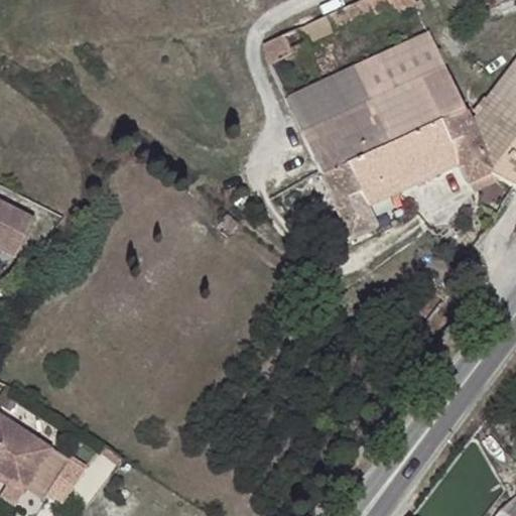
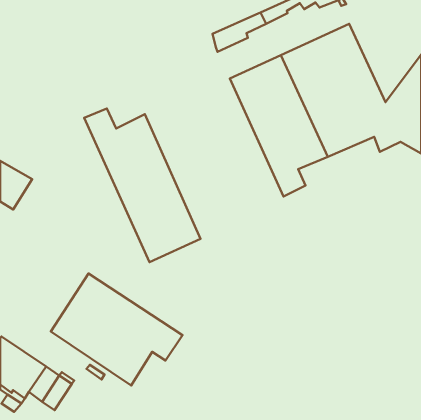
building: none -> [84,108,200,262]
building: none -> [51,274,182,386]

